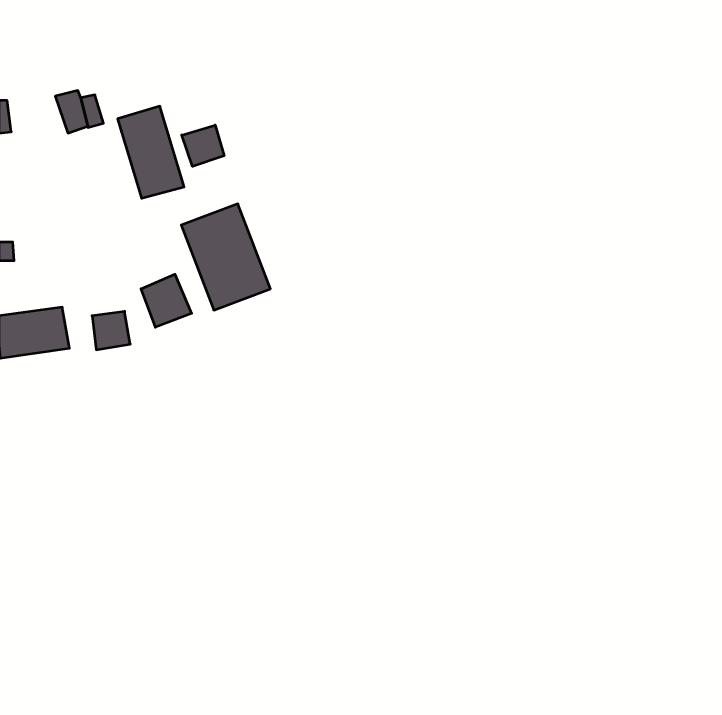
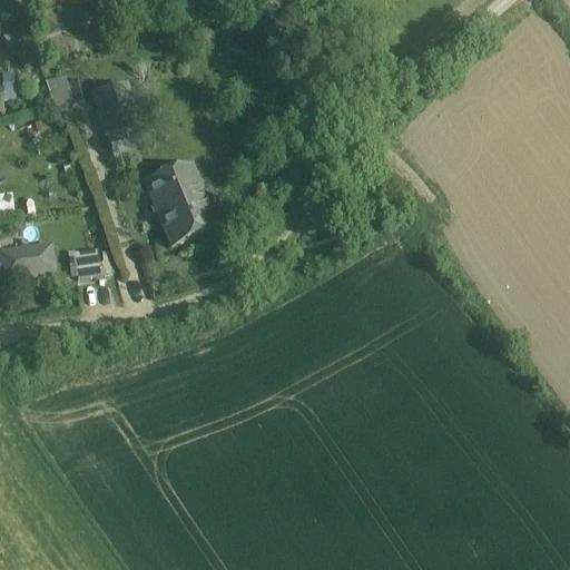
building: [182,125,224,166] -> none
building: [141,274,192,327] -> none

